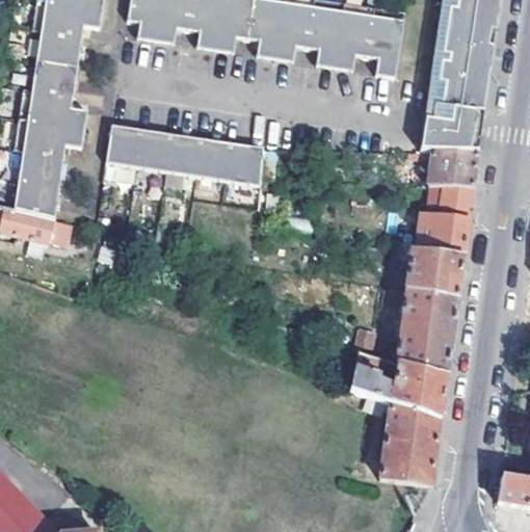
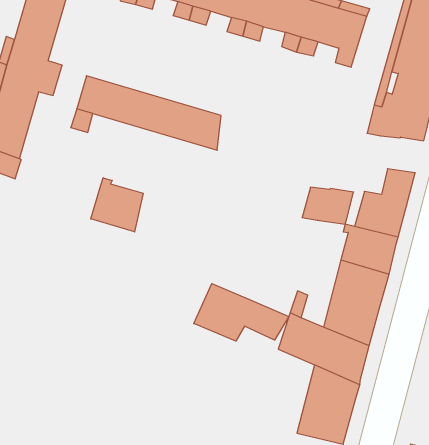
building: [427,150,479,186] -> [302,187,354,224]
building: none -> [91,178,143,232]
building: none -> [194,284,289,341]

